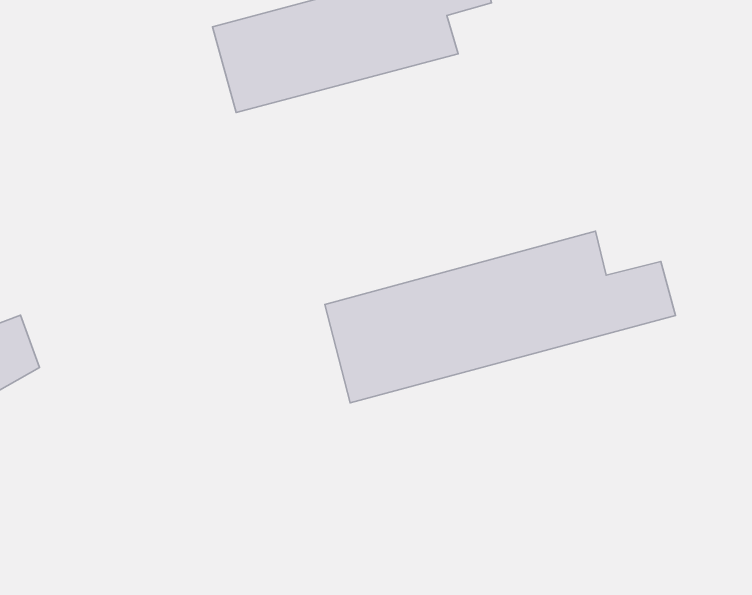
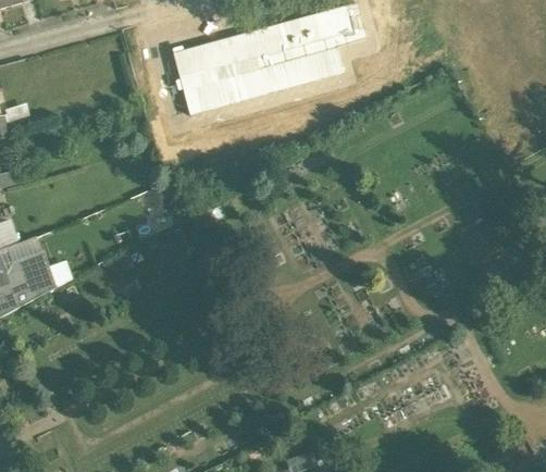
building: [325,231,675,403] -> none

